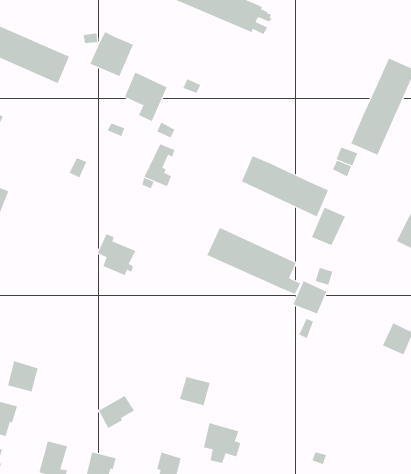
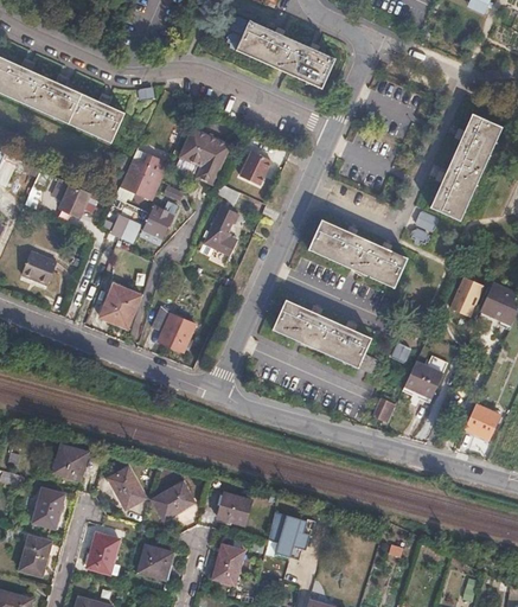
building: [89,31,134,77] -> [120,151,168,200]
building: none -> [239,152,270,184]
building: none -> [57,181,89,218]
building: none -> [142,206,172,243]
building: [311,207,346,246] -> [447,275,485,318]
building: none -> [101,285,140,328]
building: [292,281,327,314] -> [404,360,442,397]
building: [179,376,211,406] -> [217,493,251,525]
building: none -> [111,467,145,507]

